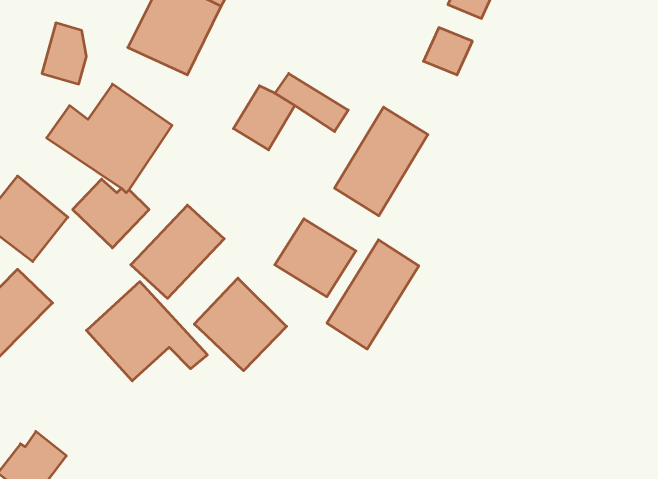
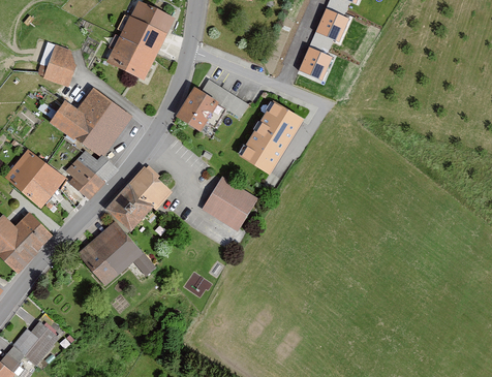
building: [327,240,419,349] -> none
building: [194,278,287,371] -> none

